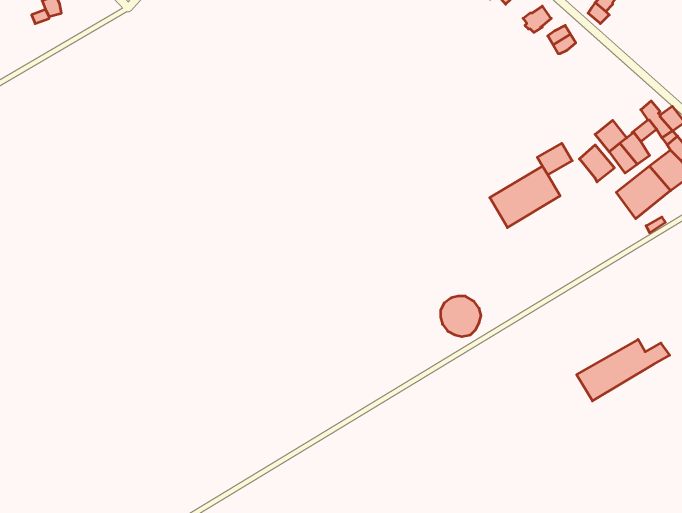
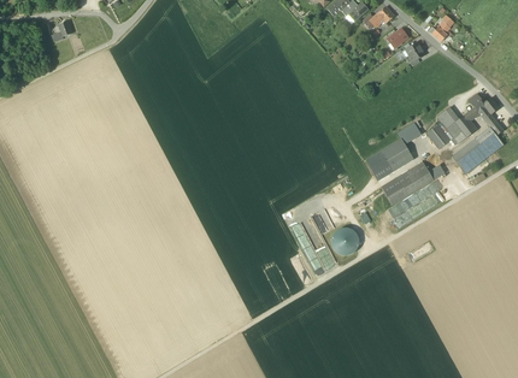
building: [577,339,670,401] -> [381,163,445,205]

